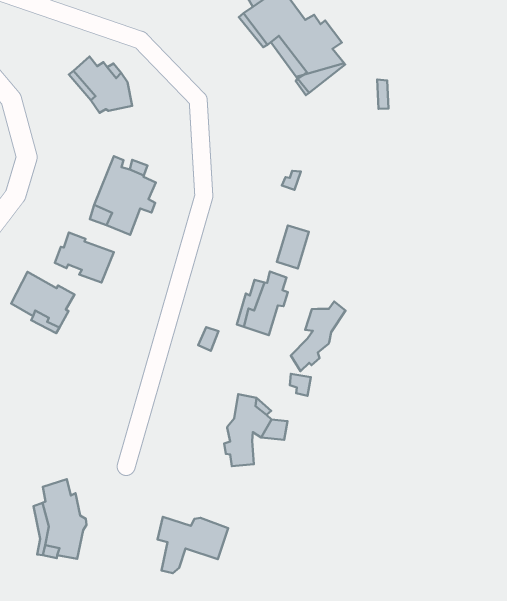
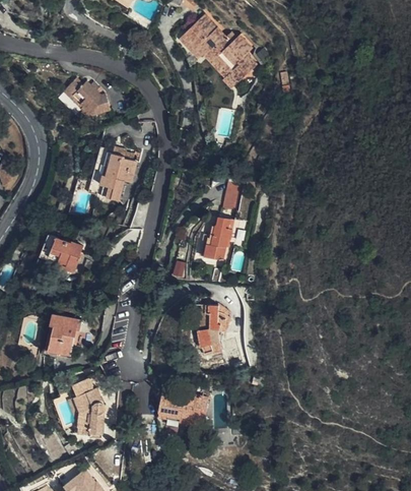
building: [55,232,114,283] -> none
building: [291,301,346,371] -> none
building: none -> [48,313,81,355]

